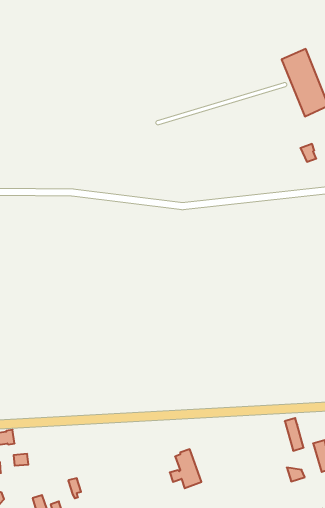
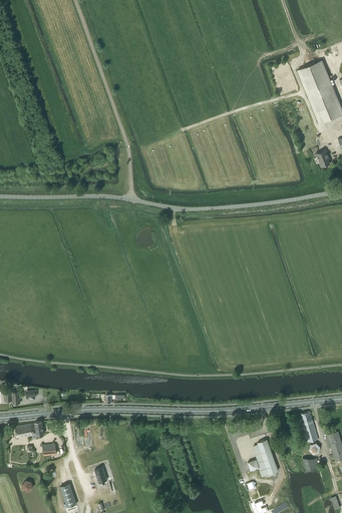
building: [170,449,201,488] -> [248,440,278,477]

